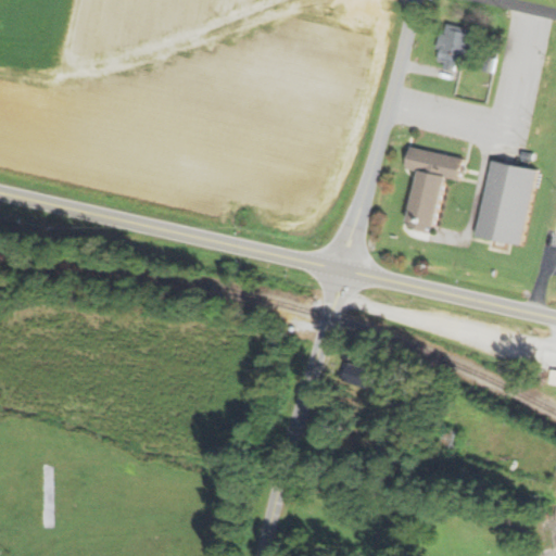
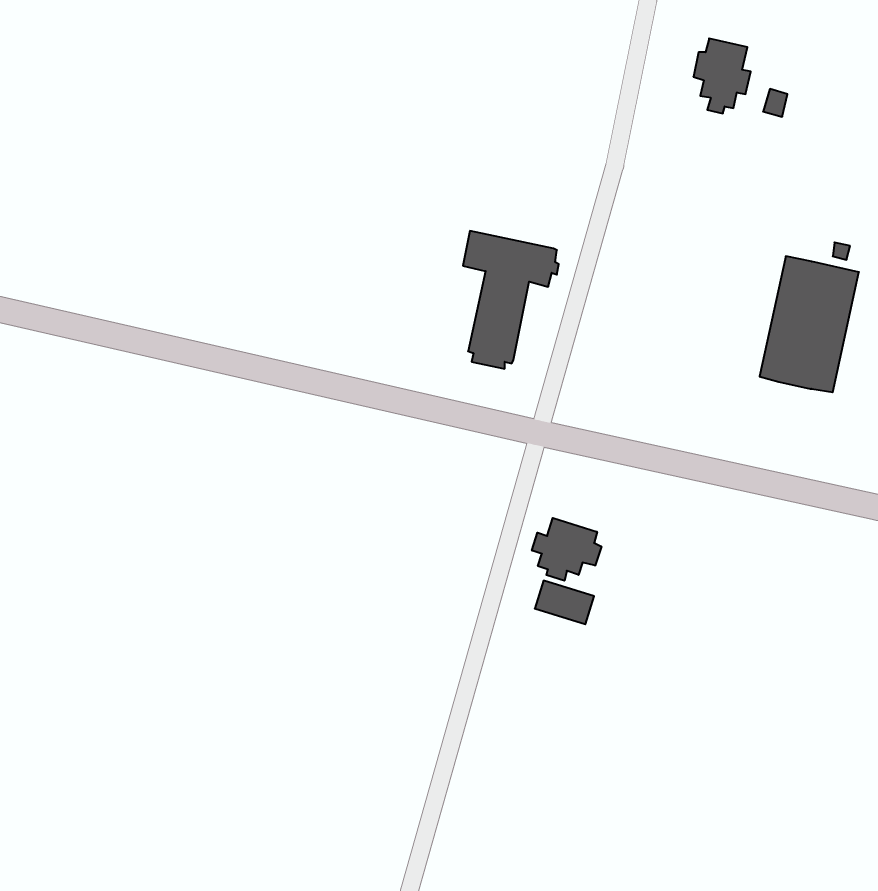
building: [403,147,463,232] -> [463,231,559,369]
building: none -> [532,518,601,581]

